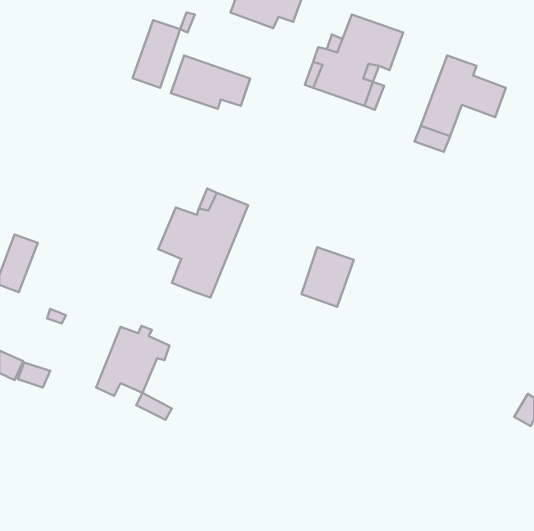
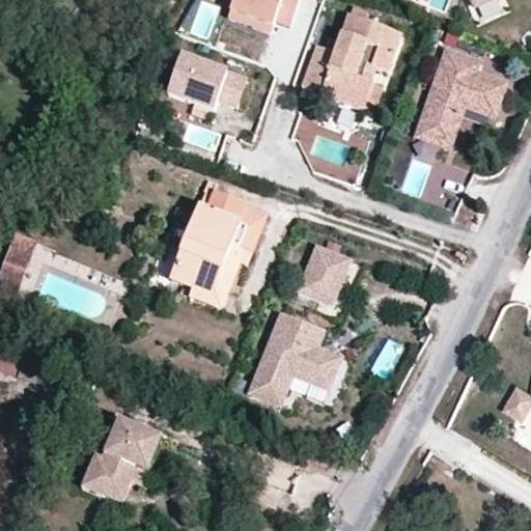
building: [133,20,180,88] -> none
building: none -> [189,203,267,309]
building: none -> [254,313,342,404]
building: [96,326,170,396] -> [88,419,161,488]

